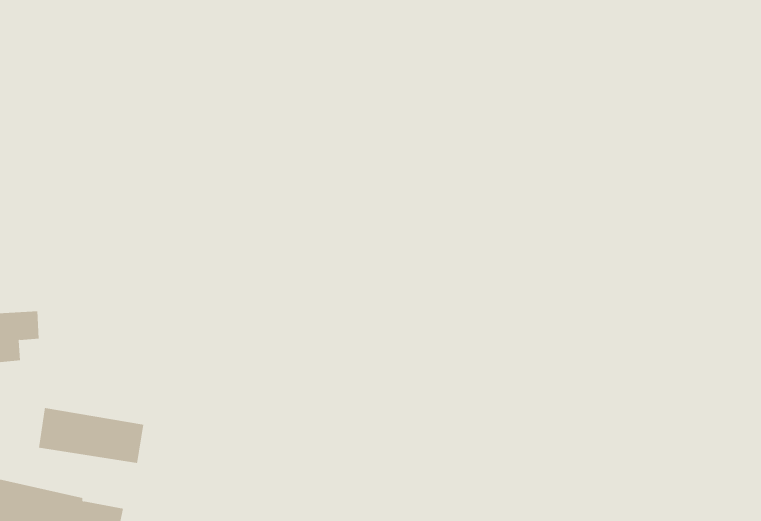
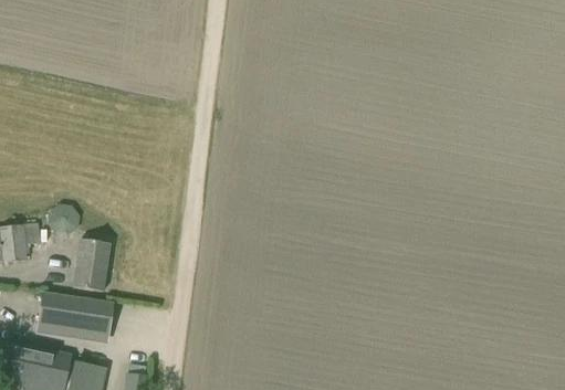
building: none -> [49,204,81,236]
building: none -> [73,240,112,293]

